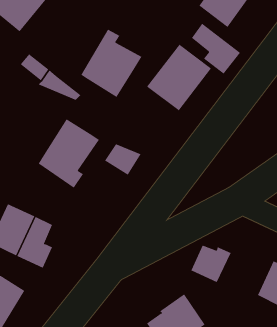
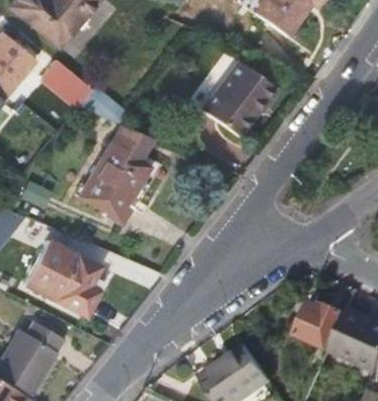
building: [191,23,241,75] -> none
building: [80,29,142,98] -> none
building: [104,144,141,176] -> [110,125,153,161]
building: [190,245,231,283] -> [295,300,342,343]

